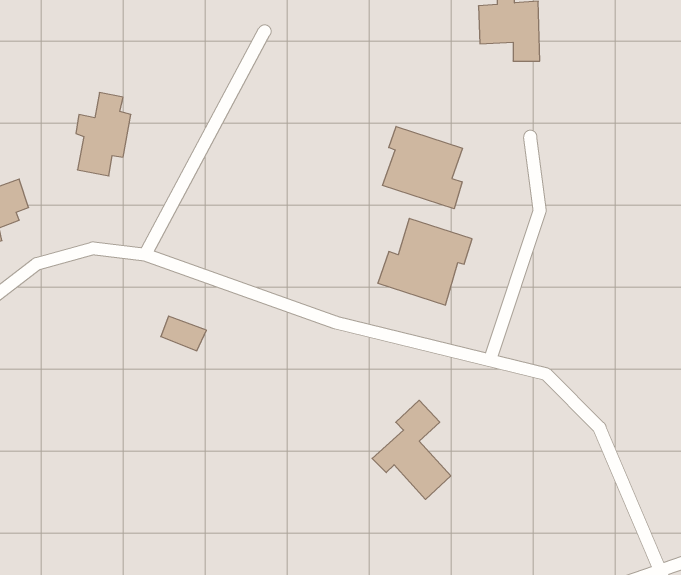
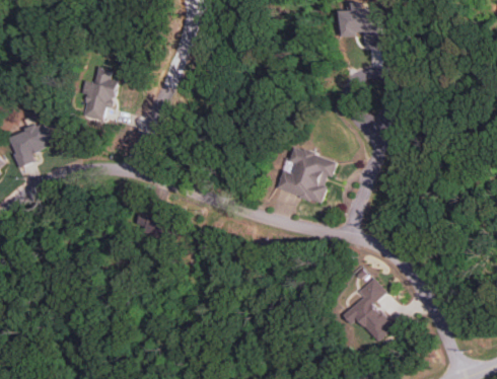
building: [382,126,463,209] -> none
building: [372,400,451,499] -> [342,278,393,342]

